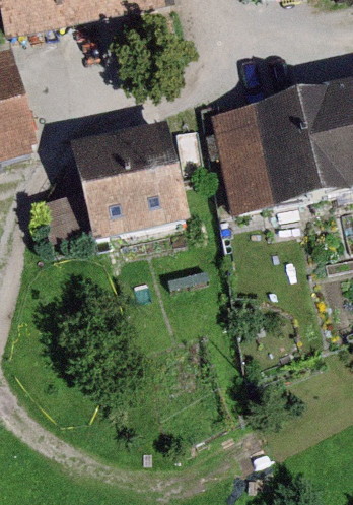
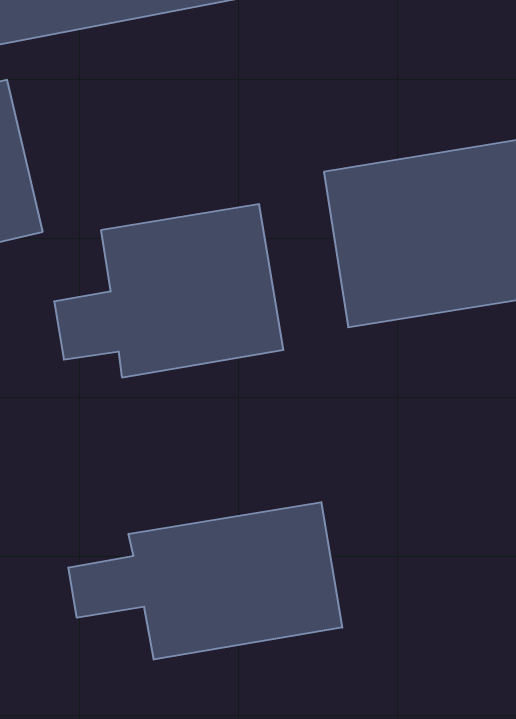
building: none -> [68,502,342,660]

